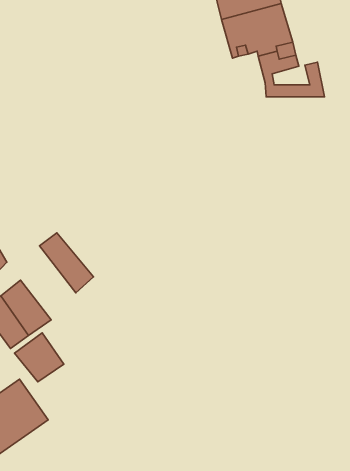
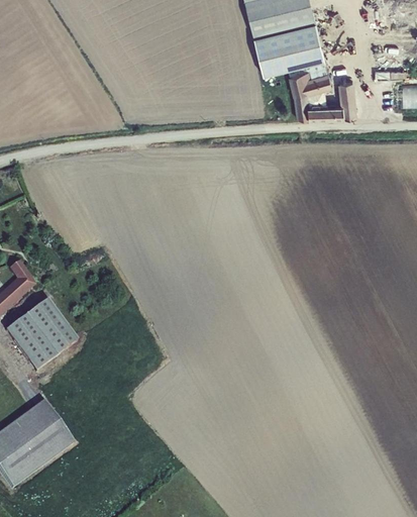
building: [39,233,93,293] -> none
building: [15,333,64,382] -> none

